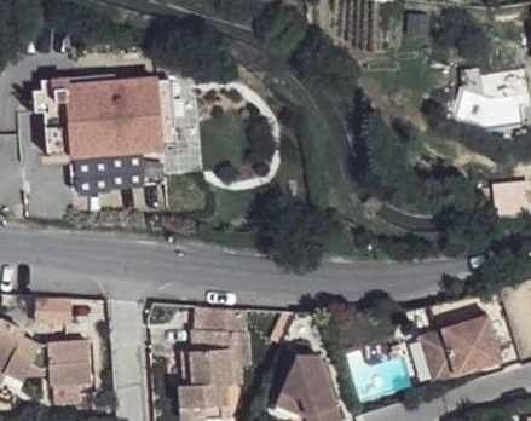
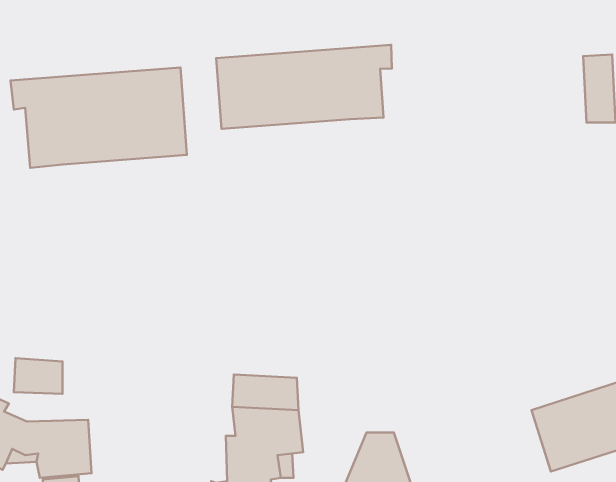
building: none -> [216,45,392,129]
building: [69,144,166,189] -> none

